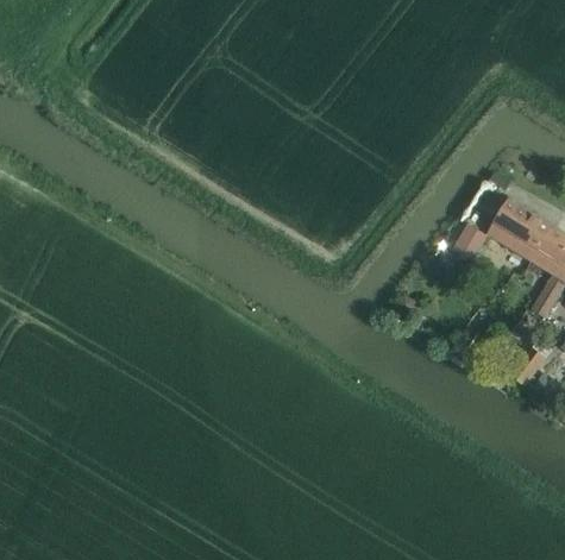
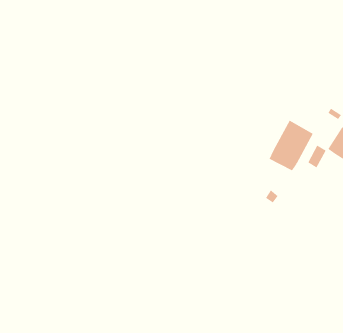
building: none -> [269,120,314,171]

